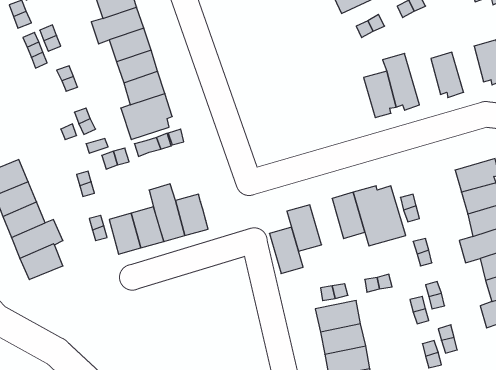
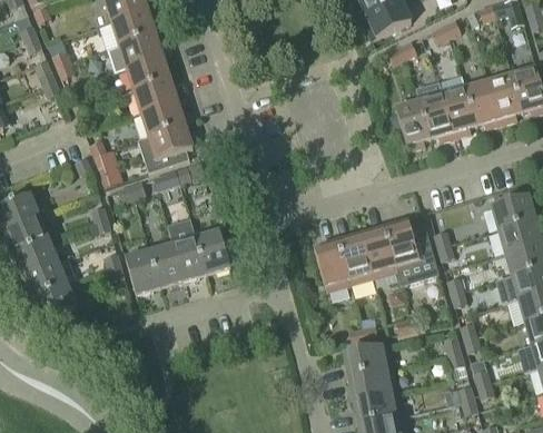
building: none -> [488,73,522,122]
building: none -> [438,75,476,136]
building: [269,227,303,274] -> [338,235,374,284]

